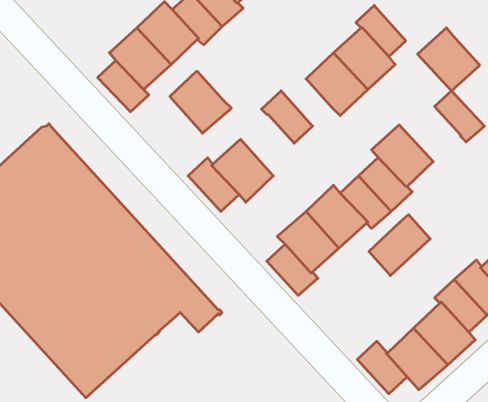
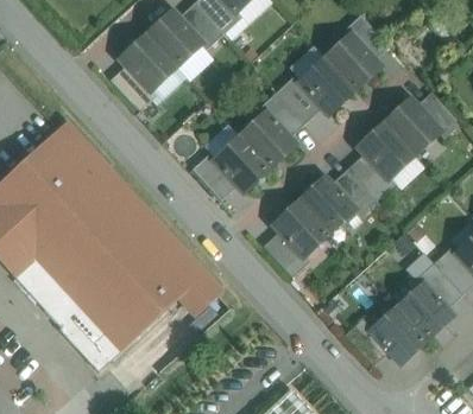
building: [418,28,479,91] -> [384,97,440,154]
building: none -> [277,72,323,122]
building: [170,72,231,133] -> [240,112,296,167]
building: [369,215,430,276] -> none

